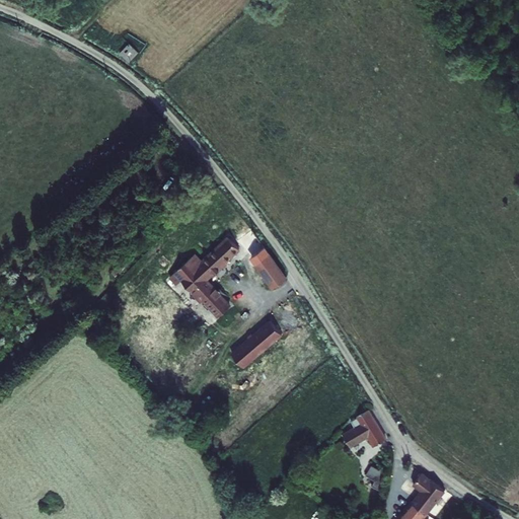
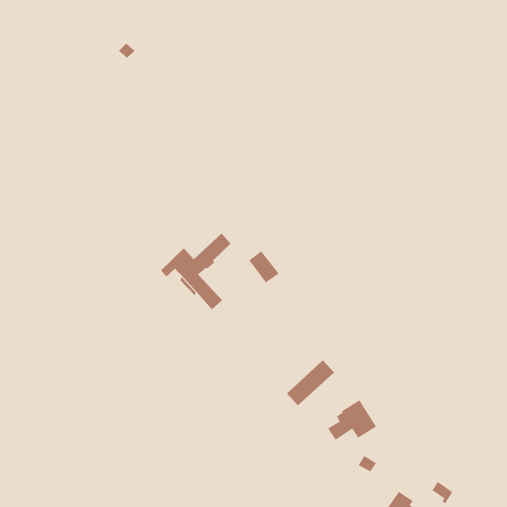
building: [232,323,282,371] -> [286,360,335,406]
building: [407,469,441,512] -> none

